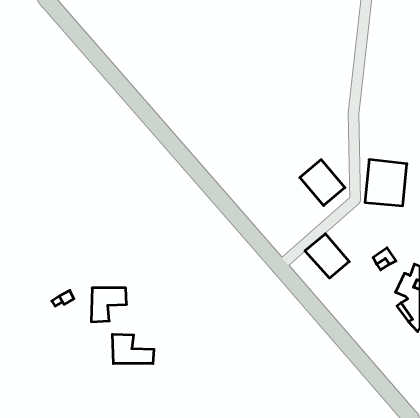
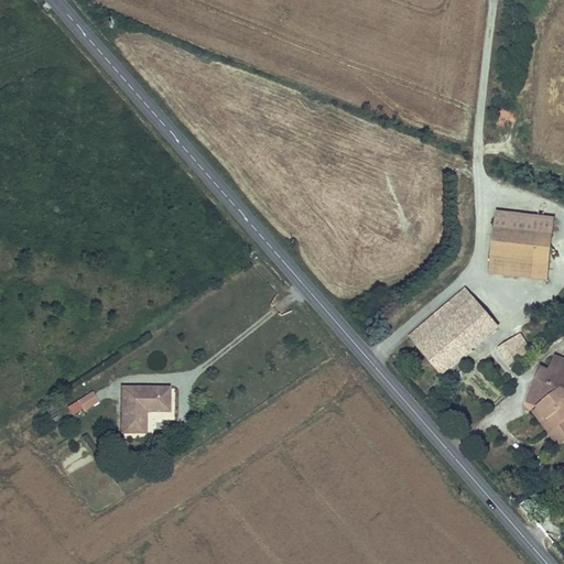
building: [300,160,345,206] -> [436,289,497,350]
building: [112,334,154,364] -> none

